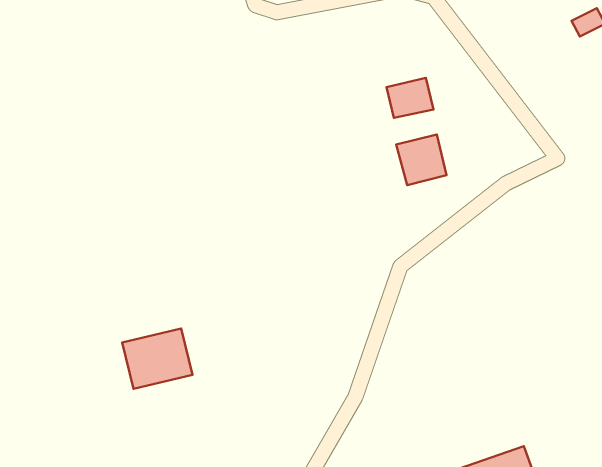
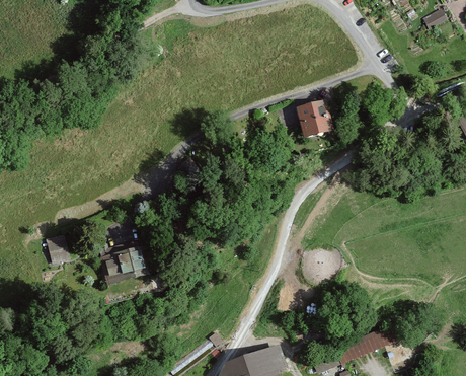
building: [387,78,433,118] -> none
building: none -> [43,233,73,264]

